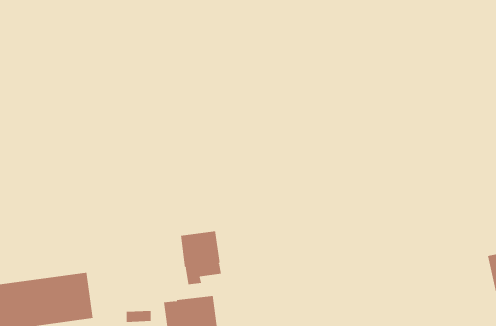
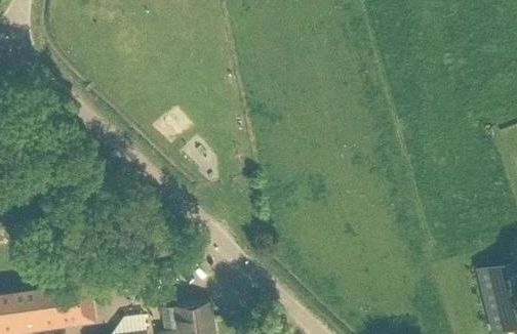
building: [180,231,221,285] -> none

